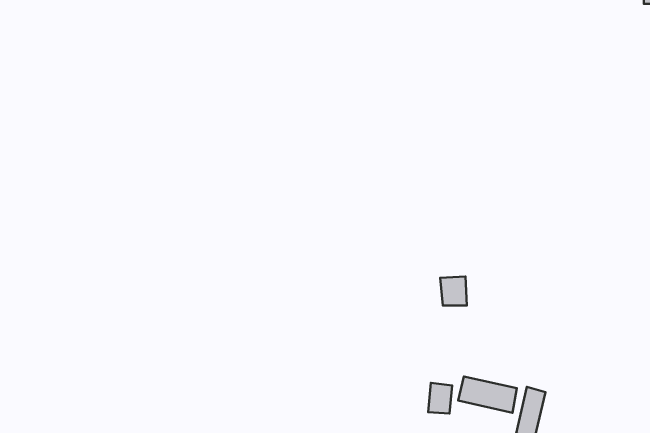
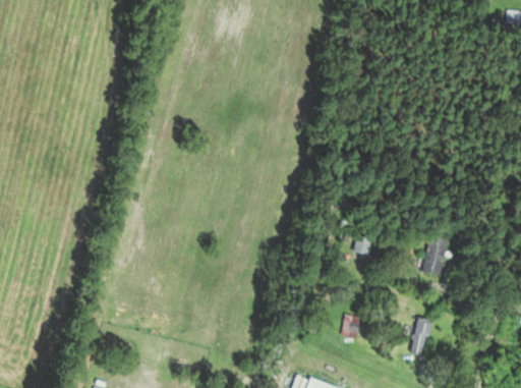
building: none -> [422,235,449,276]
building: [458,376,517,413] -> none

